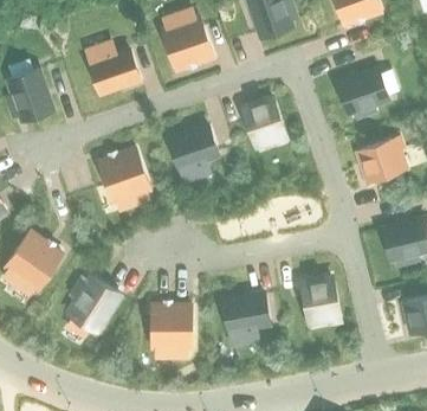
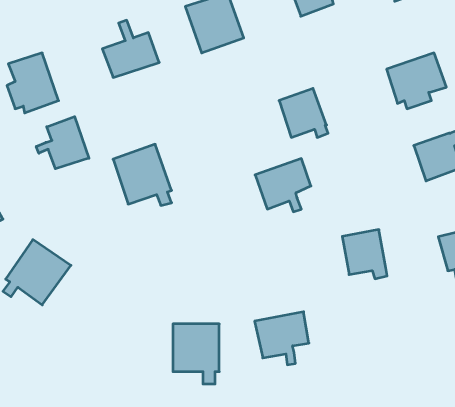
building: none -> [36,117,89,169]
building: [169,128,218,174] -> [255,159,311,212]
building: [69,277,119,332] -> none
building: [302,281,341,323] -> [342,230,387,279]

